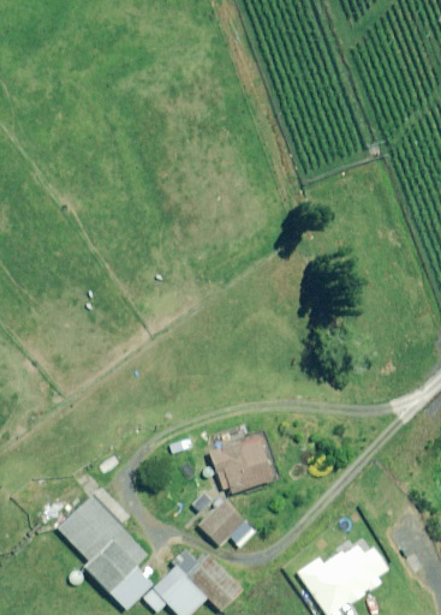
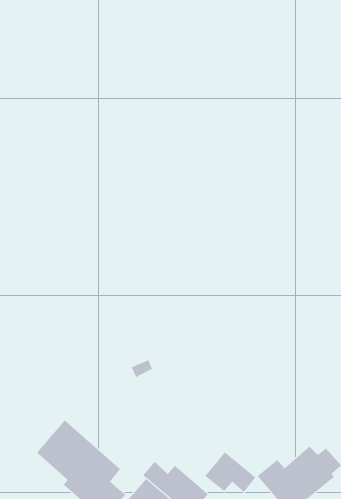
building: [208,432,275,494] -> none
building: [198,500,255,547] -> [204,451,256,493]

